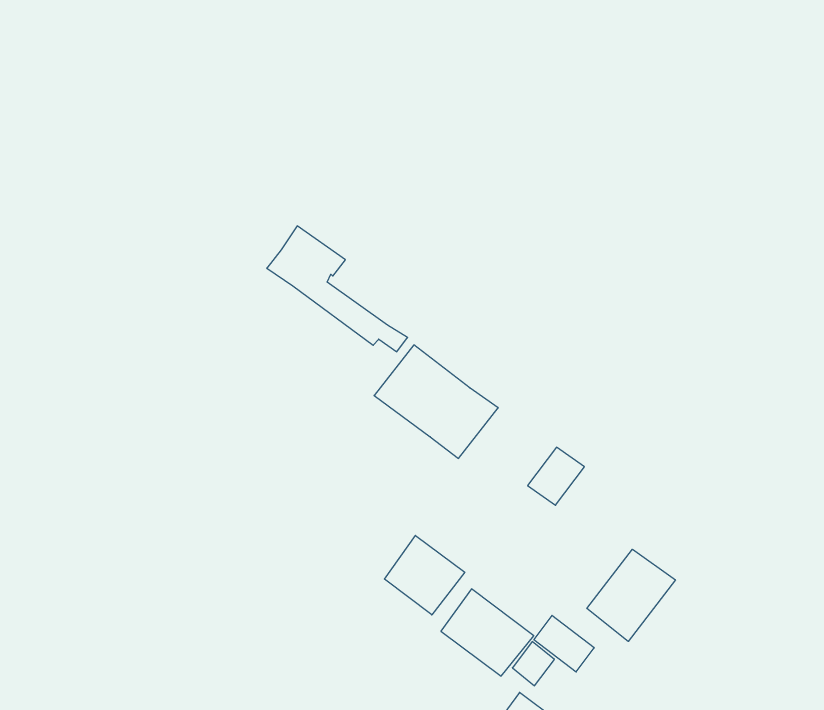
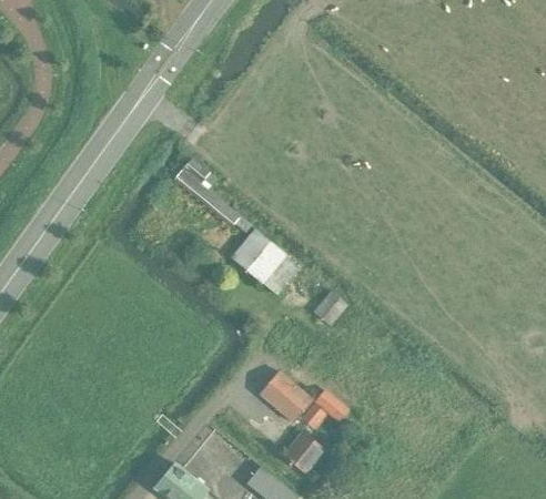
building: [384,535,465,615] -> none
building: [587,549,675,641] -> none

